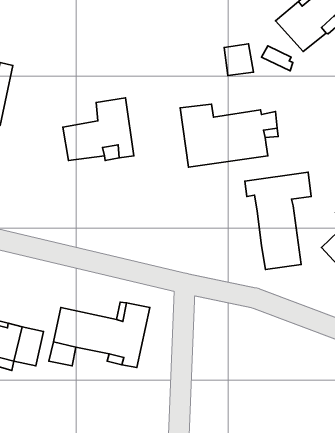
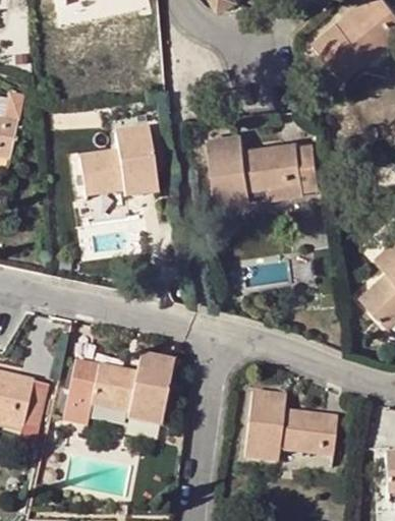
building: [224,44,254,76] -> none
building: [245,172,311,269] -> none
building: none -> [244,391,338,460]

